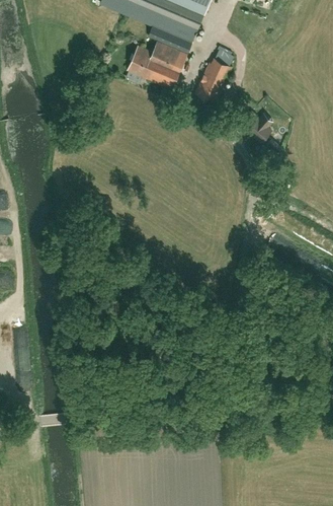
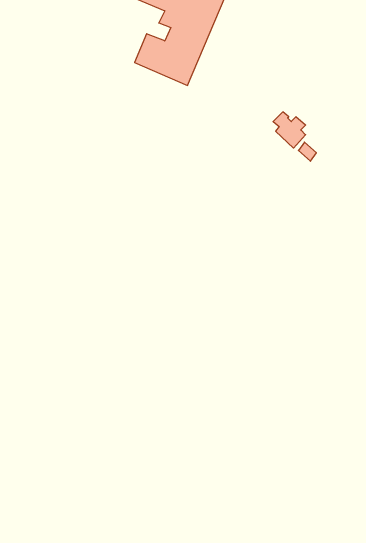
building: [195,49,234,101] -> none

